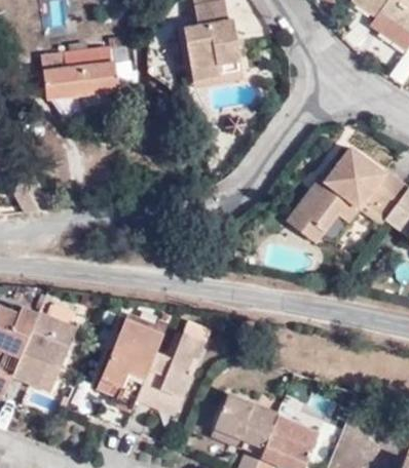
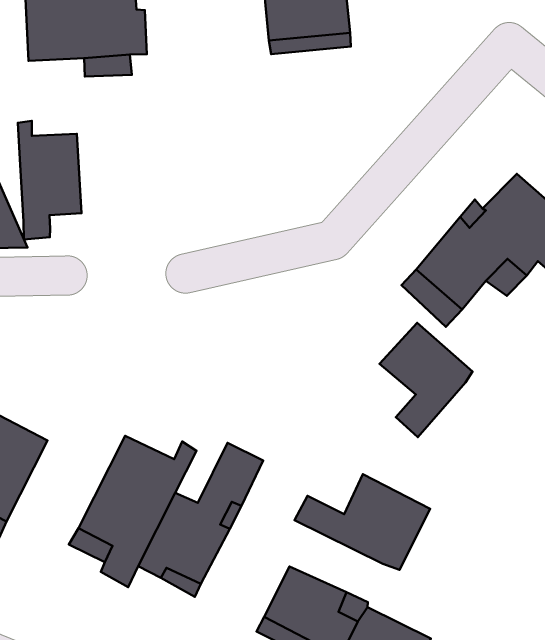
building: none -> [18,121,81,240]
building: none -> [379,323,472,437]
building: none -> [294,474,430,570]

